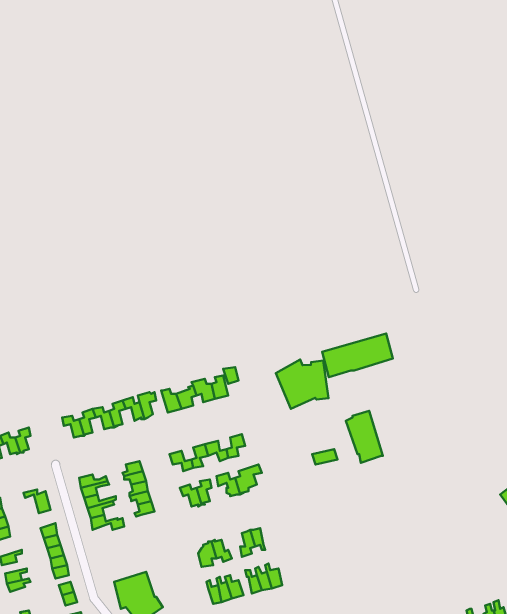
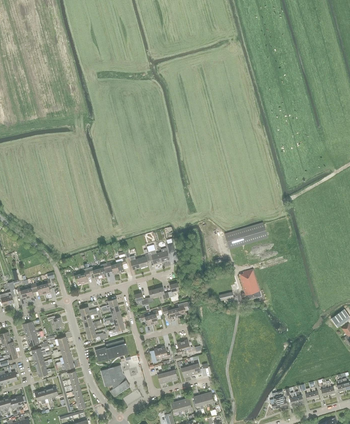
building: [276,359,329,409] -> none
building: none -> [95,340,129,362]

